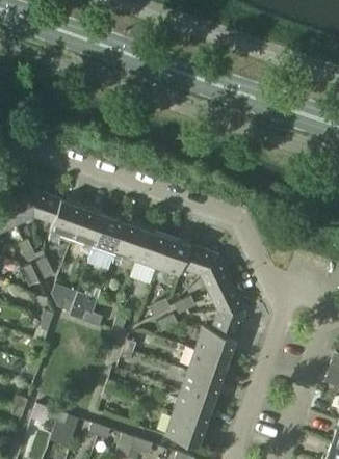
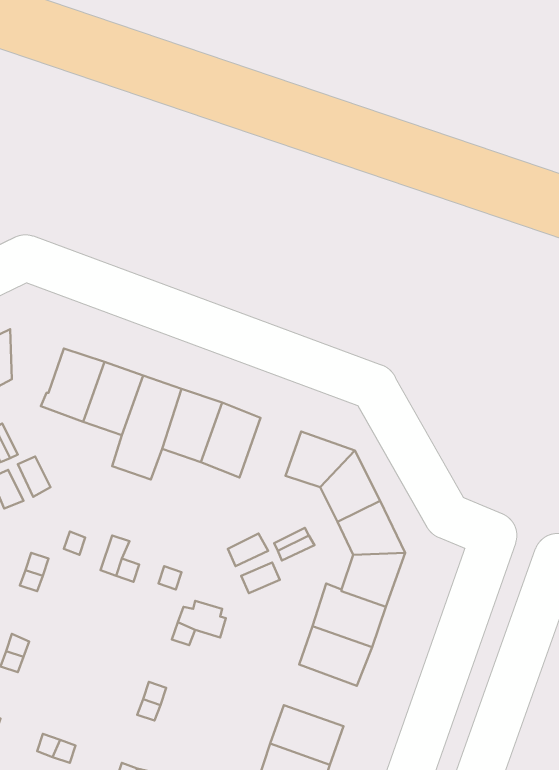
building: [32,189,61,223] -> none
building: [156,237,189,276] -> none
building: [180,370,219,403] -> none

